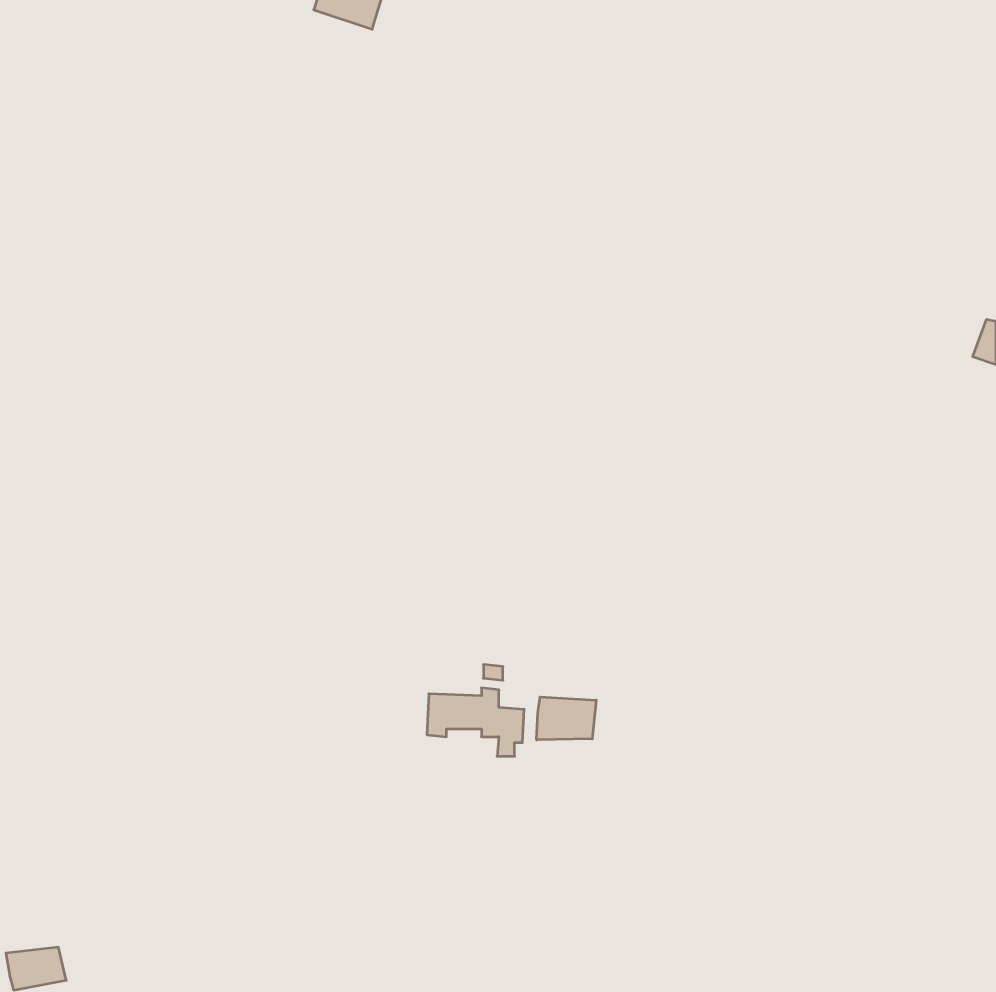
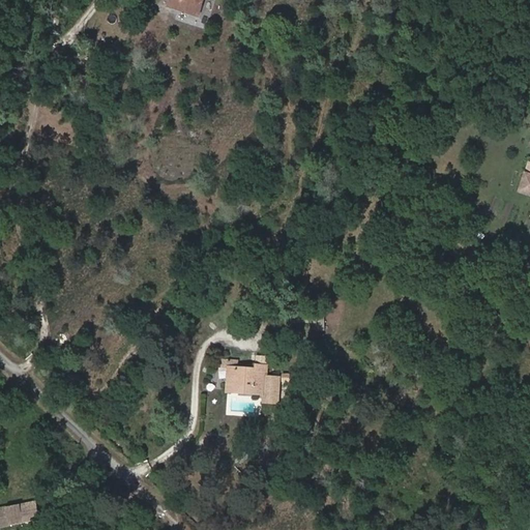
building: [537,697,596,740] -> none

